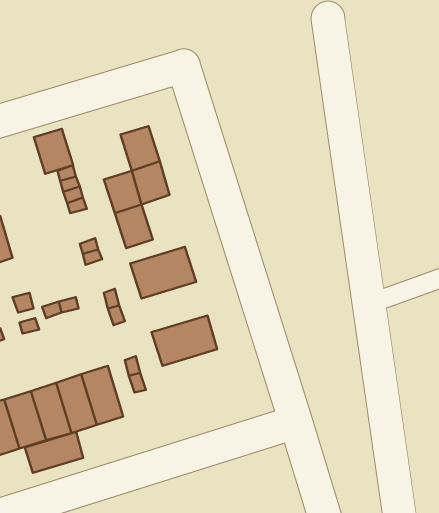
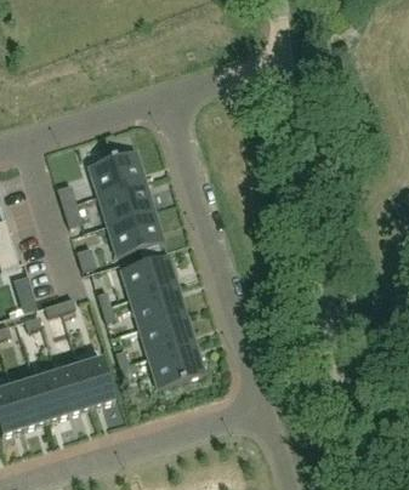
building: [34,129,73,174] -> [86,156,120,195]
building: none -> [129,209,163,247]
building: none -> [129,284,186,327]
building: none -> [147,342,204,387]
building: [25,432,83,473] -> none

